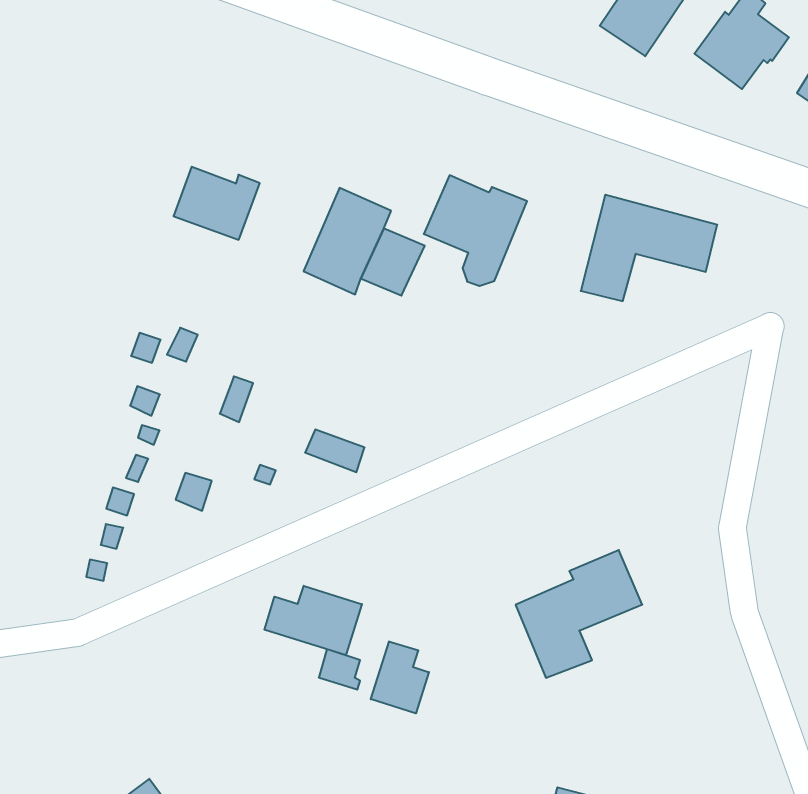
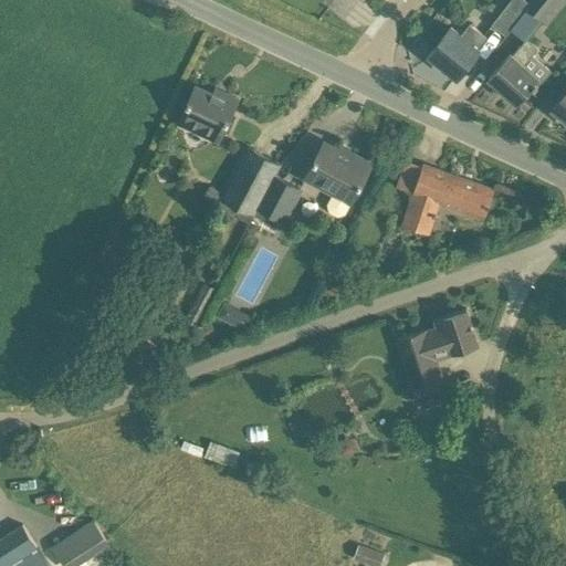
building: [173,167,260,240] -> [181,87,239,137]
building: [516,550,642,678] -> [397,311,479,389]
building: [264,586,362,655] -> none
building: [371,641,429,713] -> none

